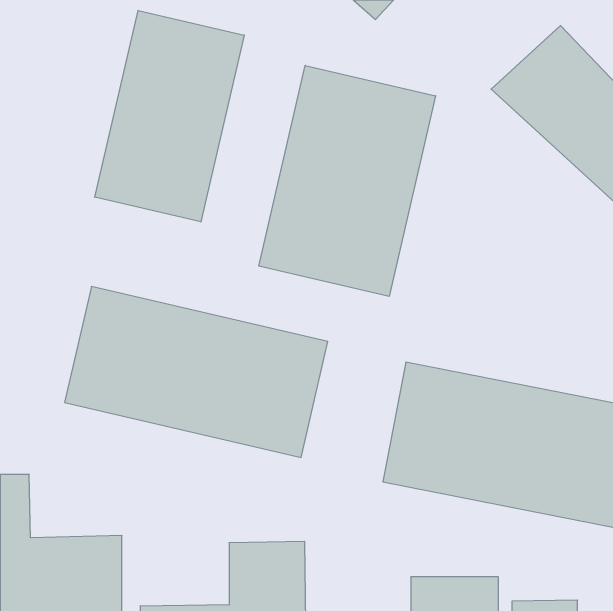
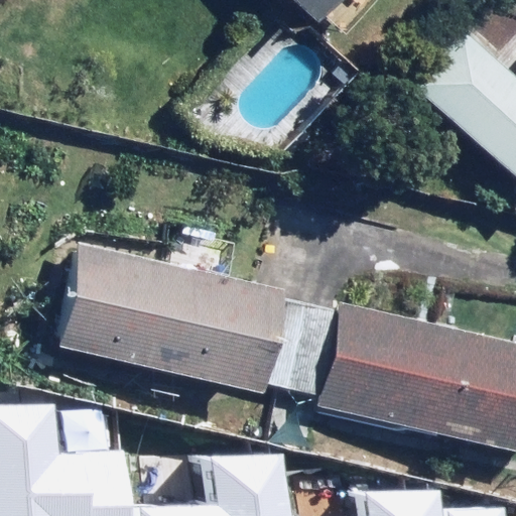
building: [95,10,244,222] -> none
building: [259,65,436,296] -> none

